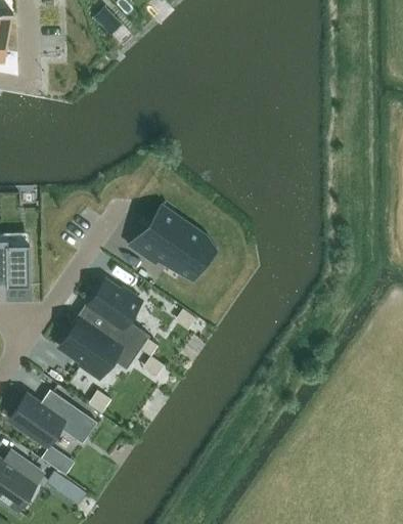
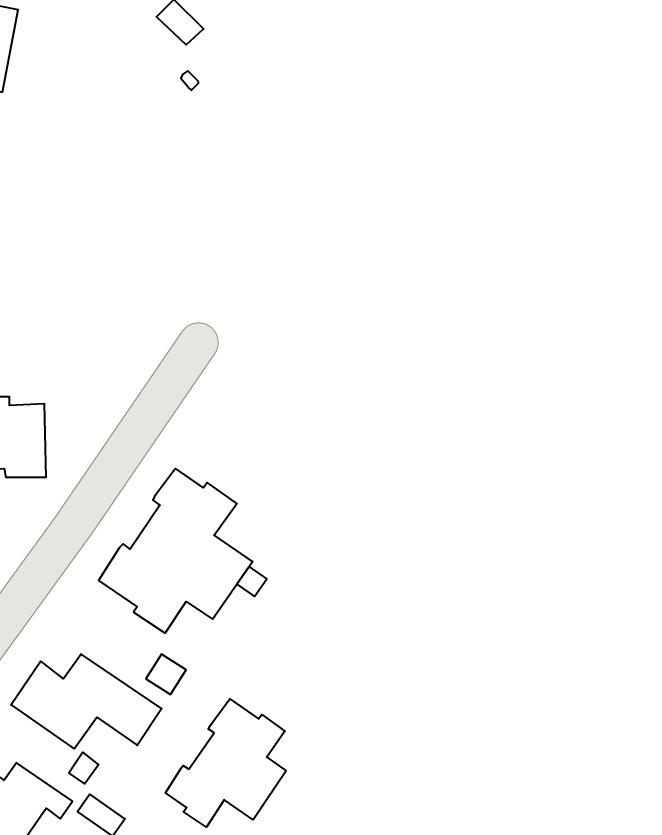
building: [128,207,218,278] -> none
building: none -> [165,699,286,827]

